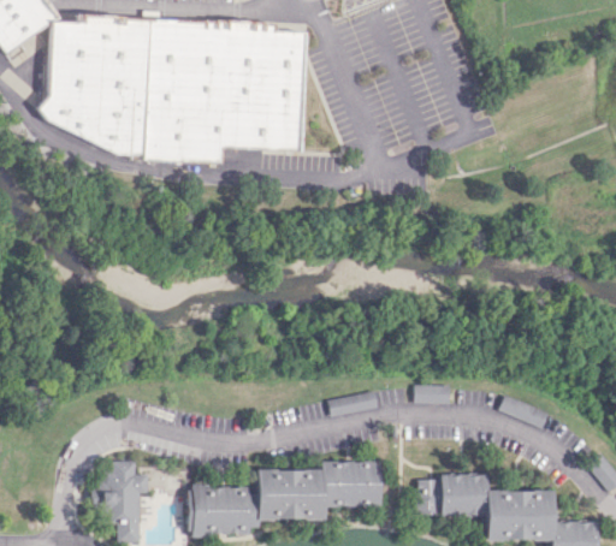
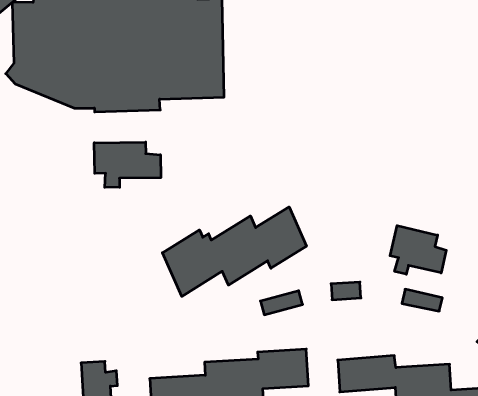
building: none -> [94,142,161,187]
building: none -> [162,207,306,296]
building: none -> [390,226,446,274]

